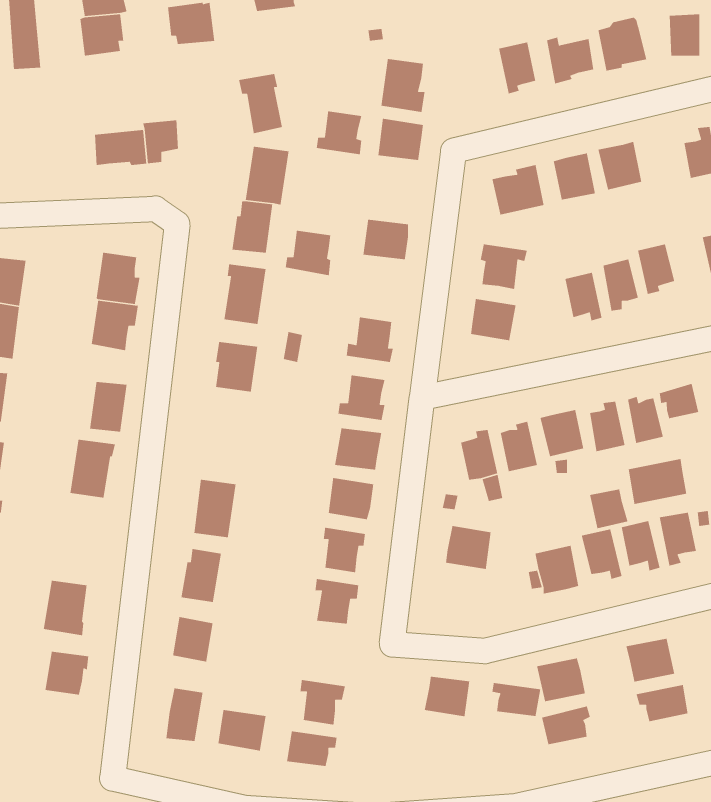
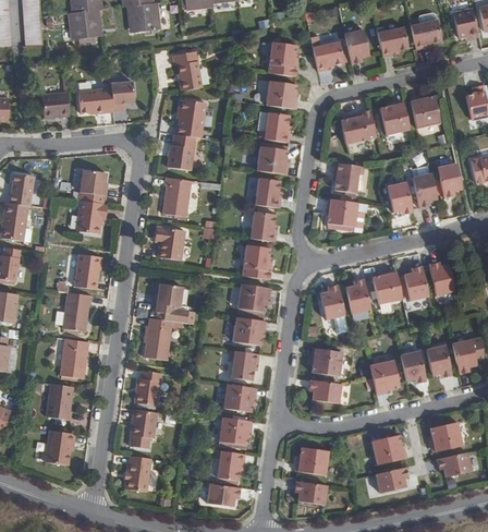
building: none -> [312,41,343,72]
building: [316,110,362,155] -> [258,112,289,142]
building: none -> [41,90,70,117]
building: [285,230,331,276] -> [249,178,280,208]
building: [659,383,699,419] -> none
building: none -> [154,283,183,314]
building: [628,458,687,505] -> none
building: [589,489,628,529] -> none
building: none -> [59,338,88,378]
building: none -> [307,379,339,402]
building: none -> [218,418,248,444]
building: [491,682,541,717] -> [292,481,325,504]
building: [217,709,267,752] -> none

